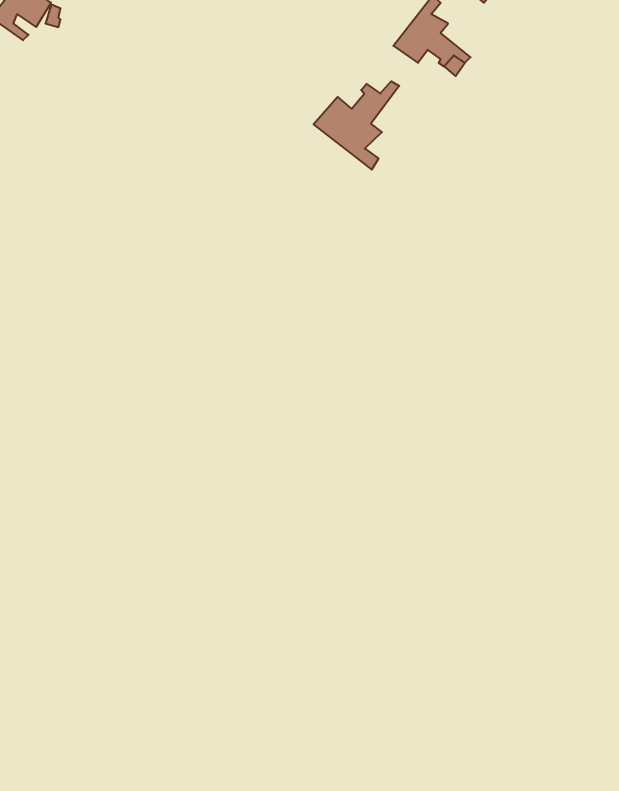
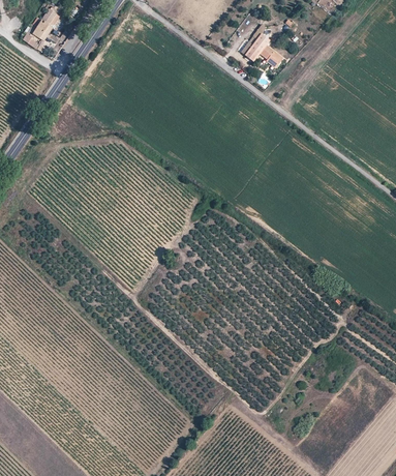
building: [314,81,399,170] -> none

